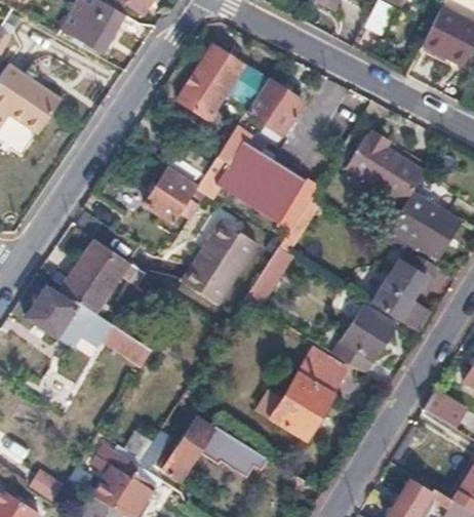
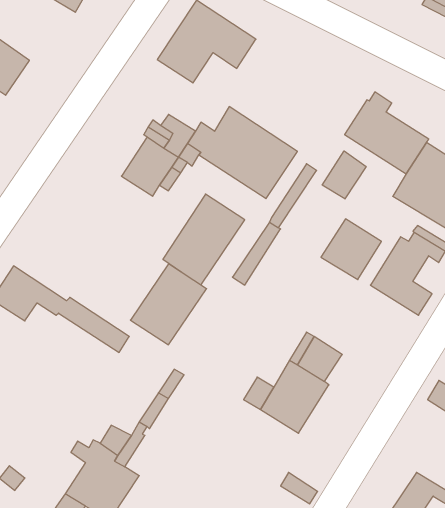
building: [246,80,303,134] -> none
building: none -> [322,151,366,199]
building: [58,240,128,314] -> [130,264,207,345]
building: [340,306,395,361] -> [321,219,381,280]
building: [160,415,269,480] -> none

